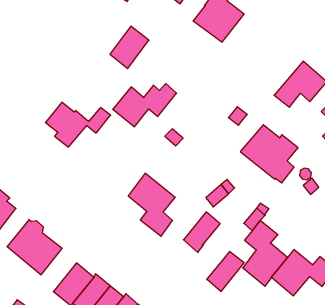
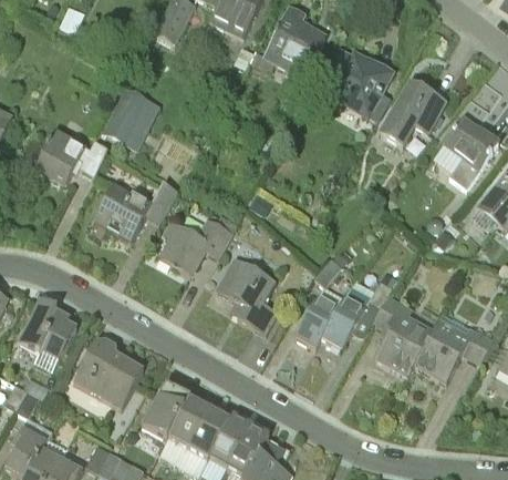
building: [110,26,149,68] -> [103,89,149,143]
building: none -> [37,131,106,181]
building: [113,84,177,127] -> [159,214,237,275]
building: [241,125,298,183] -> [320,51,392,121]
building: [207,252,244,291] -> [320,296,364,348]

